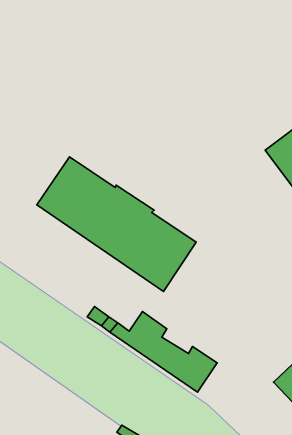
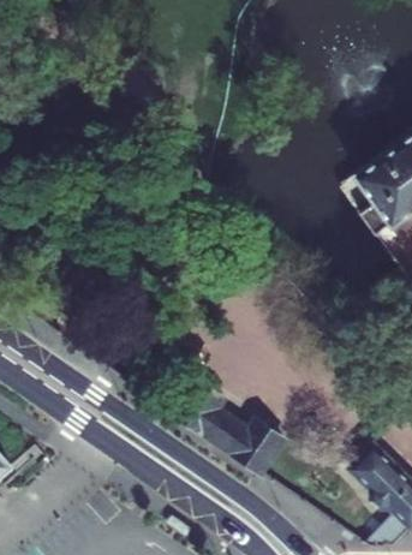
building: [37,157,196,292] -> none

